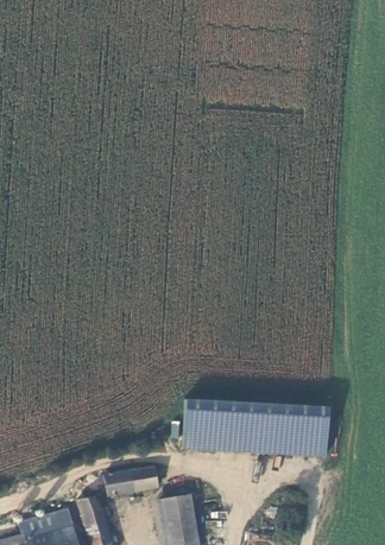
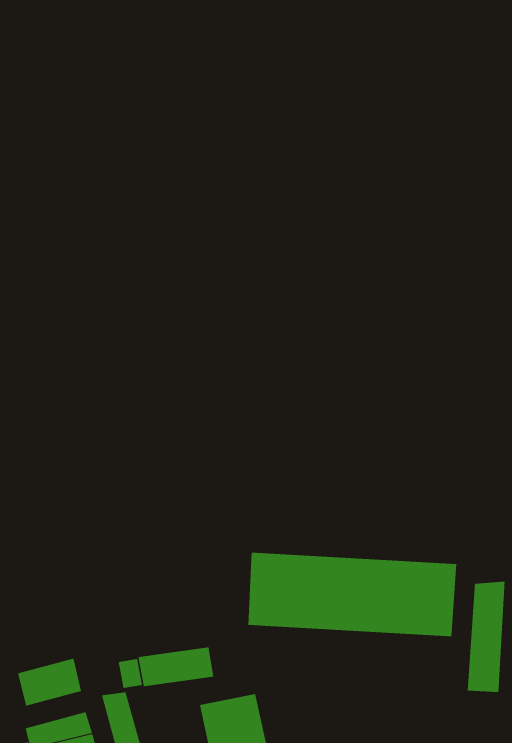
building: none -> [467,581,505,693]
building: none -> [17,658,82,707]

